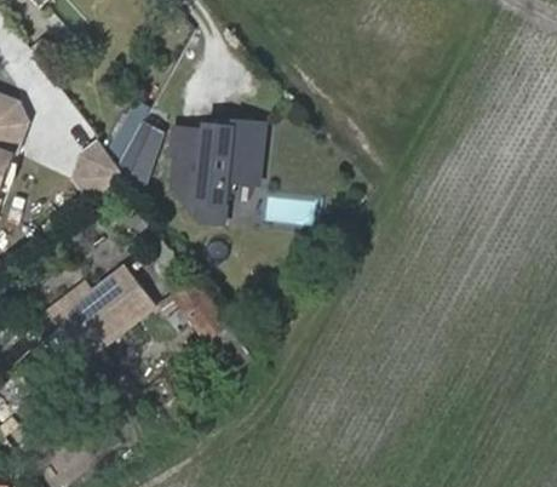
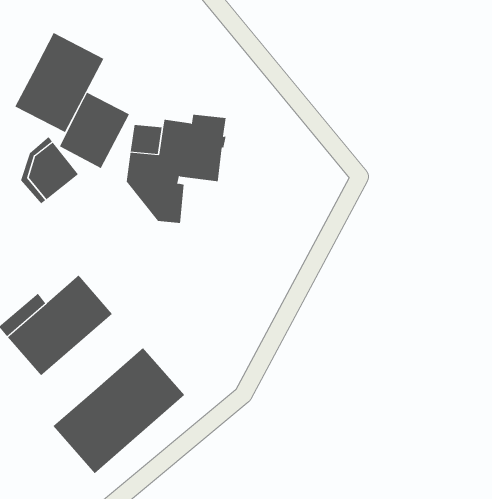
building: none -> [15,32,104,133]
building: none -> [52,347,185,474]

